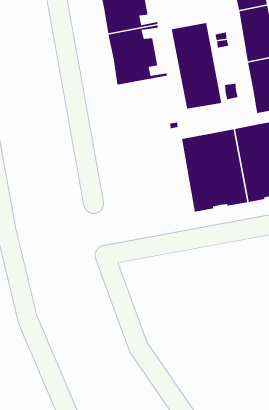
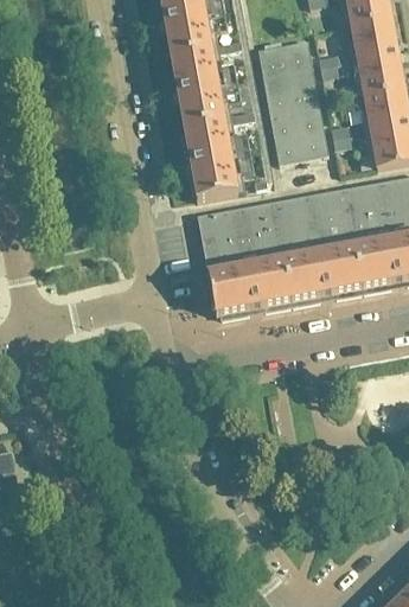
building: none -> [183,114,254,198]
building: none -> [197,200,289,315]

